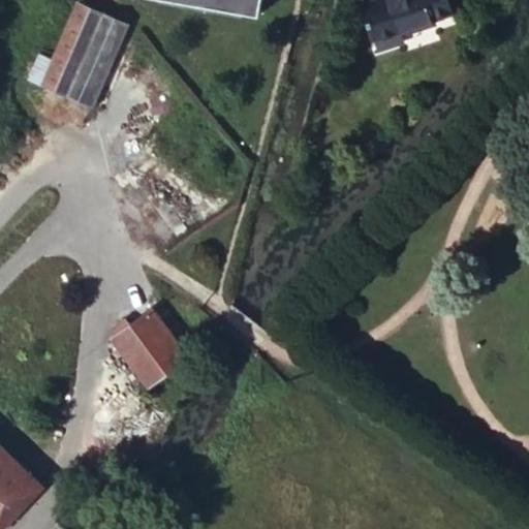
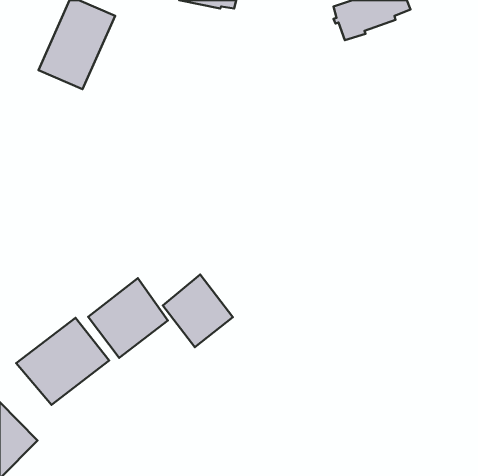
building: none -> [163,274,233,347]
building: none -> [16,318,109,405]

